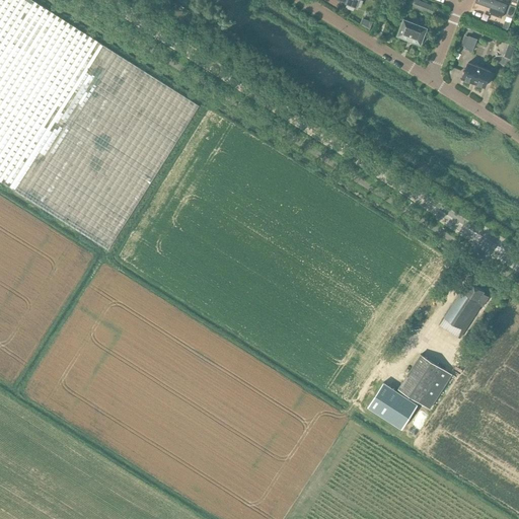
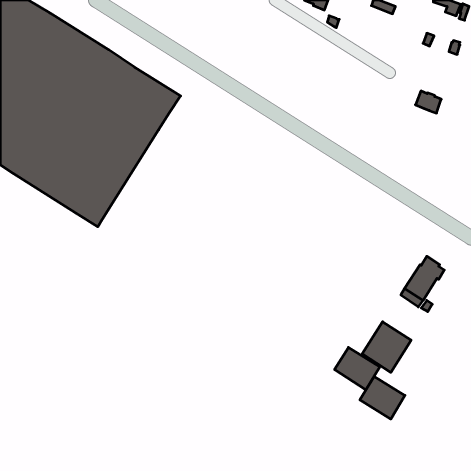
building: [397,18,427,44] -> none
building: [462,63,491,87] -> [415,91,441,113]
building: none -> [360,376,405,419]

